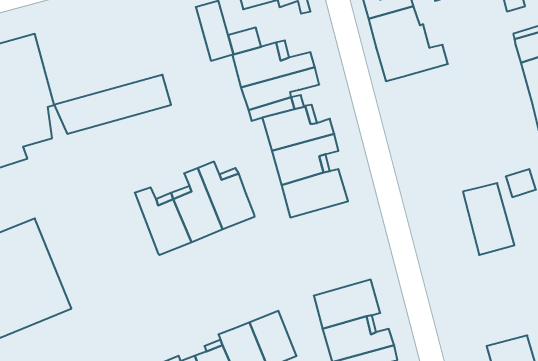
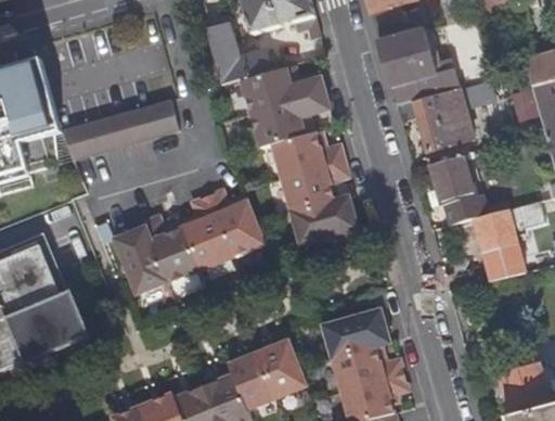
building: none -> [412,82,490,153]
building: none -> [429,154,487,226]
building: none -> [113,226,166,294]

